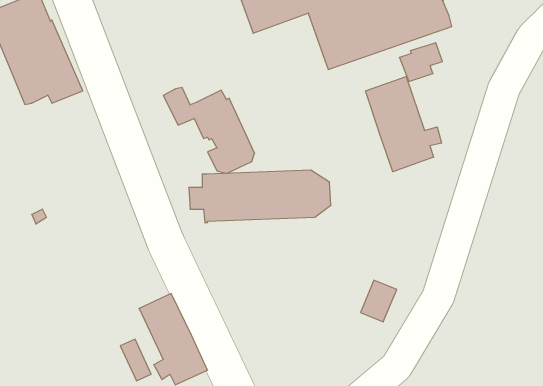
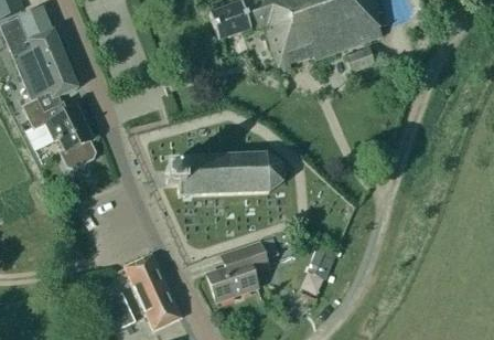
building: [365,76,441,172] -> none
building: [163,88,255,173] -> [20,98,95,169]
building: none -> [205,236,278,302]

